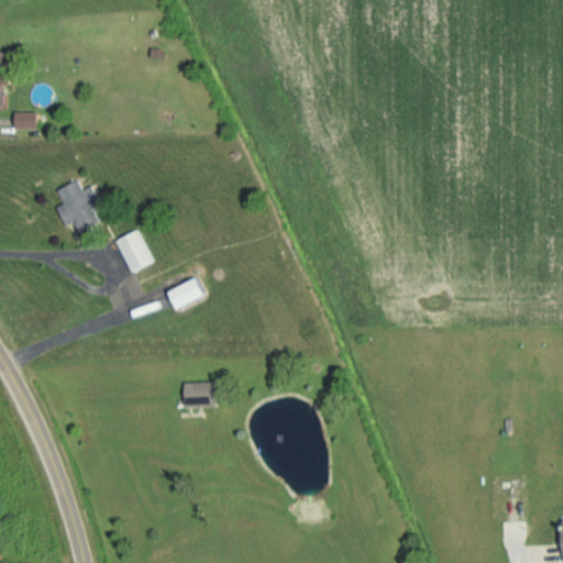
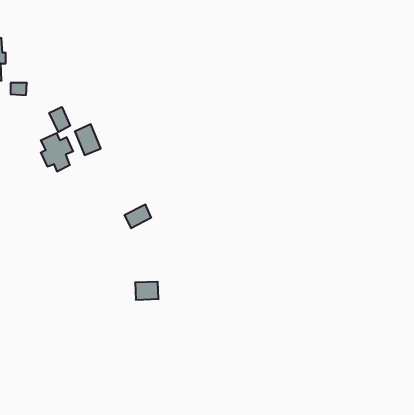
building: none -> [49,107,70,132]
building: [114,230,150,272] -> [75,124,101,155]

